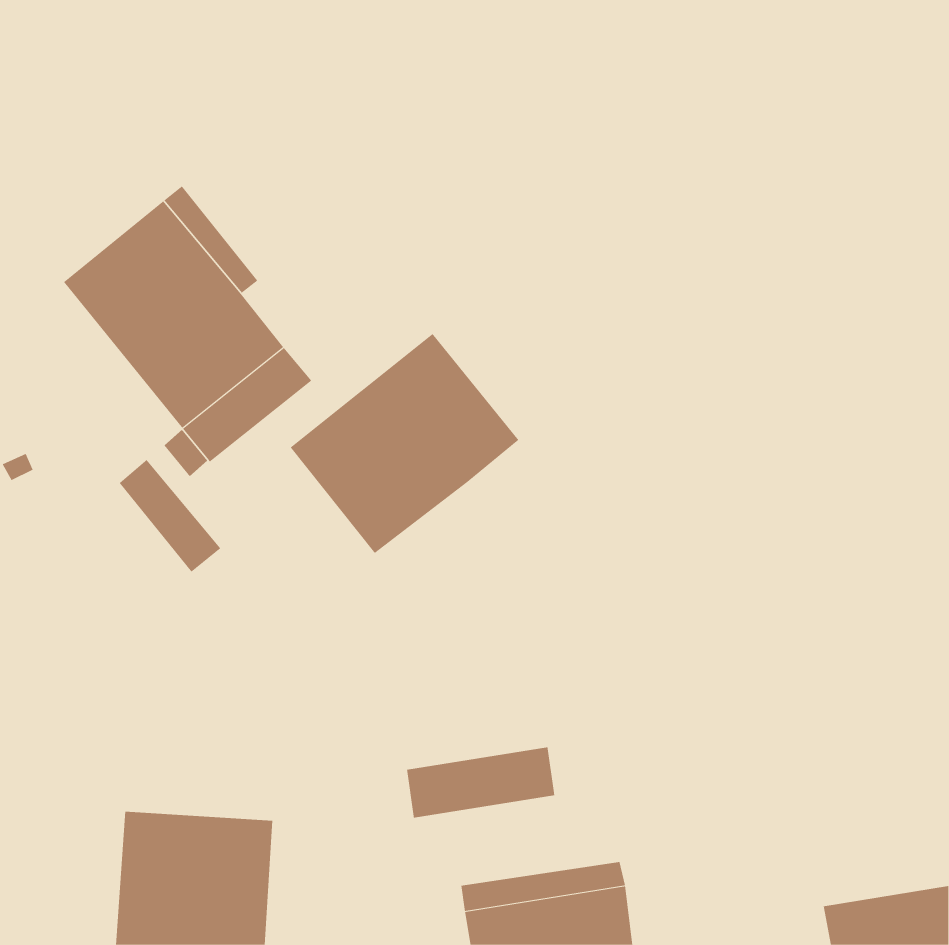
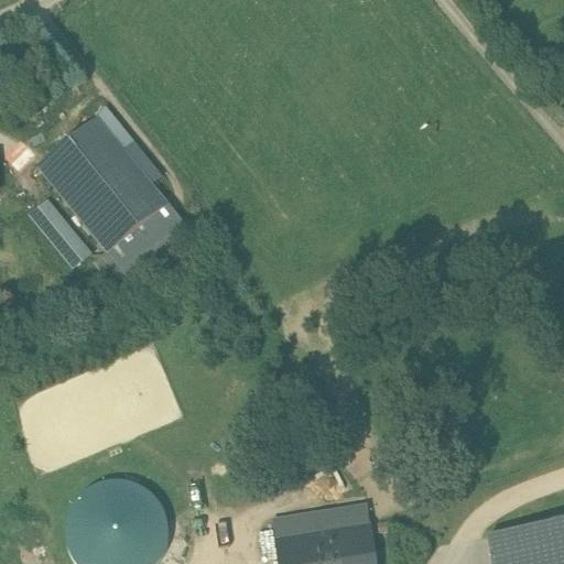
building: [290,333,519,554] -> none
building: [119,459,221,572] -> [31,203,91,270]
building: [407,746,555,819] -> none

